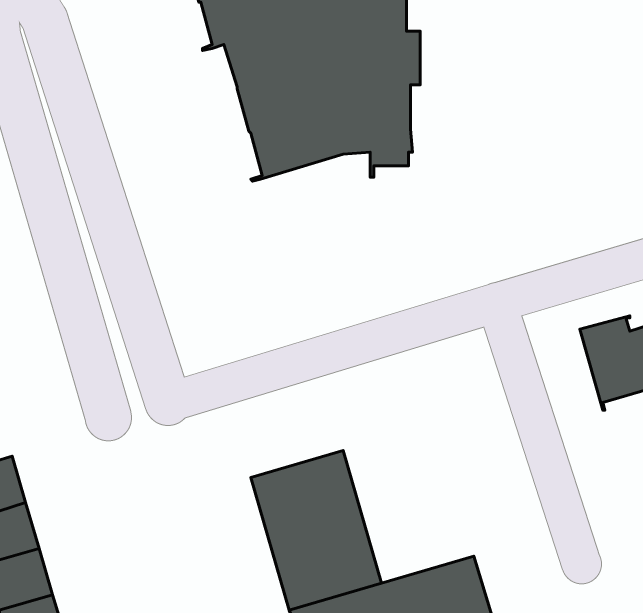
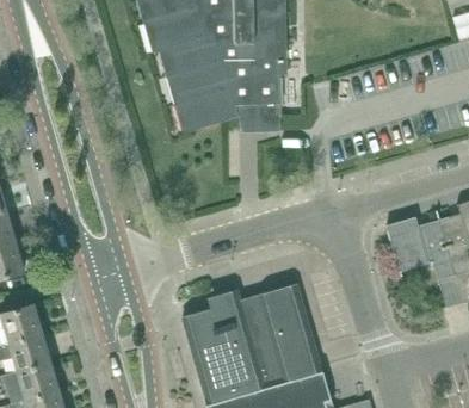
building: none -> [239,285,320,384]

